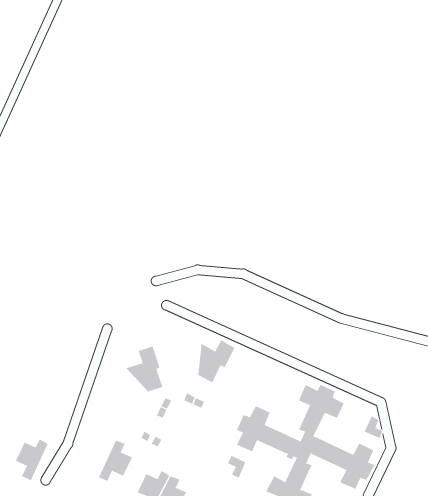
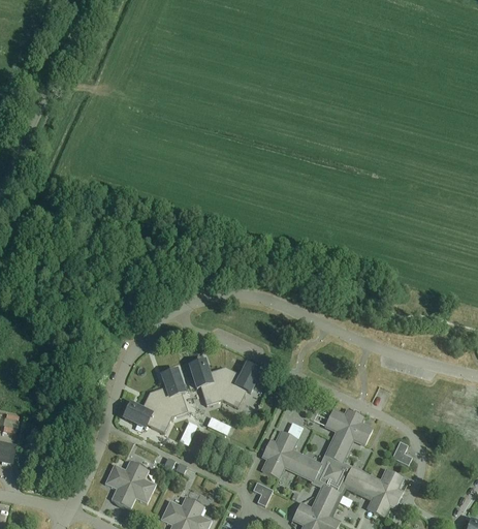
building: none -> [190,361,226,406]
building: none -> [124,393,172,433]
building: [15,439,48,481] -> [105,461,139,504]

